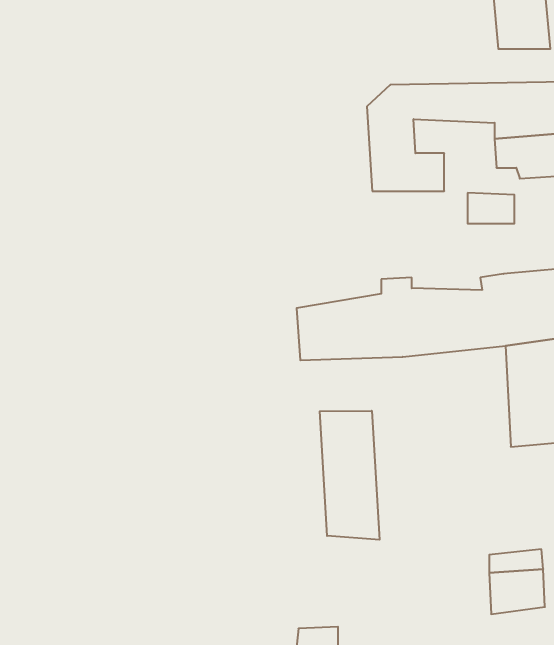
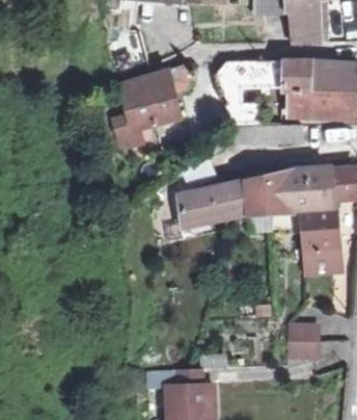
building: none -> [113,63,198,158]
building: [320,411,380,540] -> none

